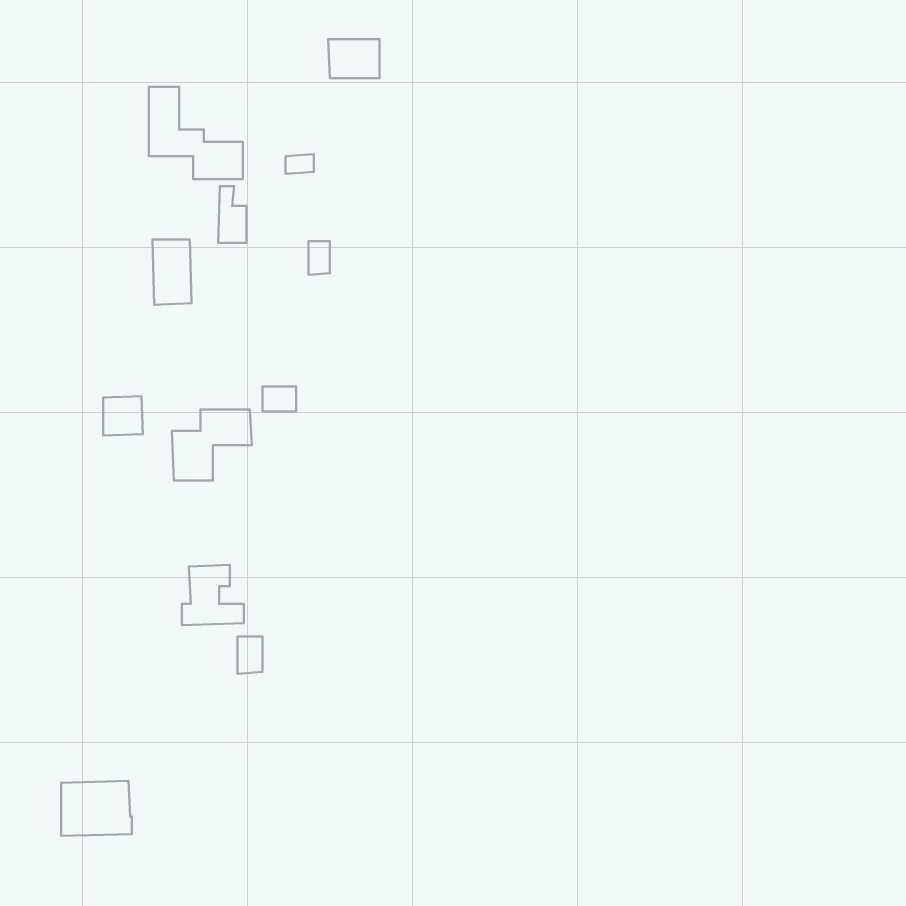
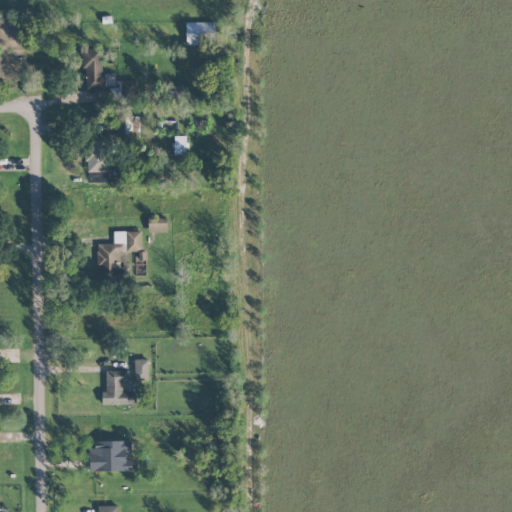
building: [103,396,143,435] -> none
building: [182,565,244,625] -> [101,370,136,404]
building: [61,781,132,836] -> [91,440,131,471]

